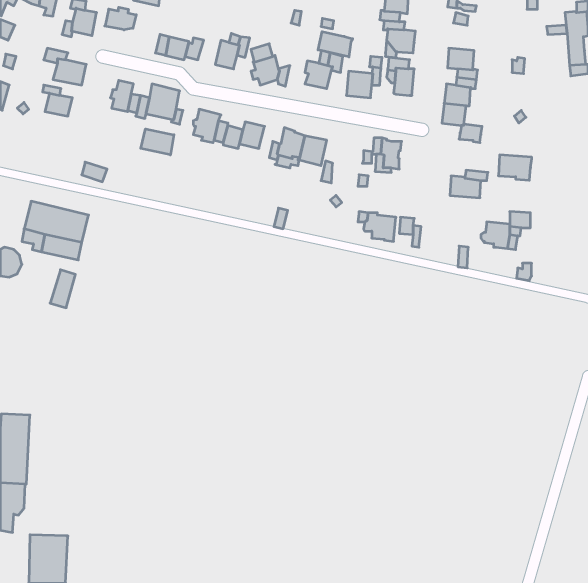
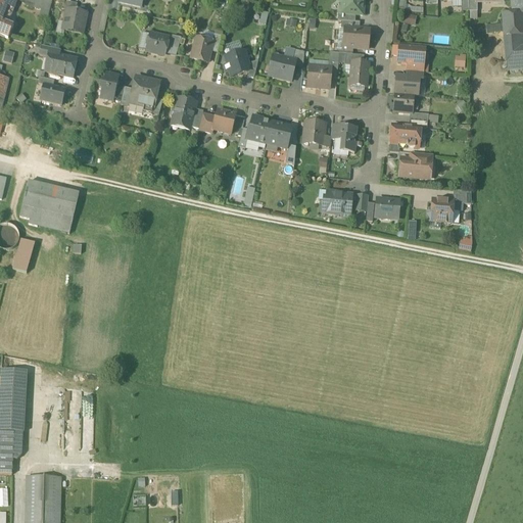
building: [105,7,136,30] -> none
building: [318,32,353,57] -> none
building: [141,129,174,155] -> none
building: none -> [303,120,325,142]
building: [498,155,532,180] -> [390,123,420,145]
building: none -> [375,197,399,217]
building: [50,270,75,308] -> [12,237,35,271]

